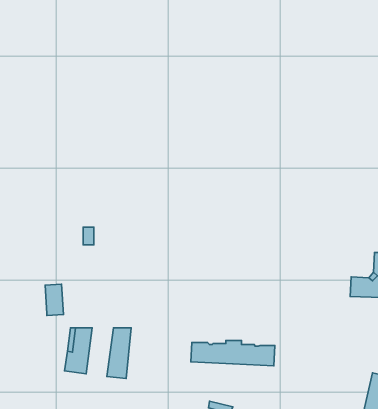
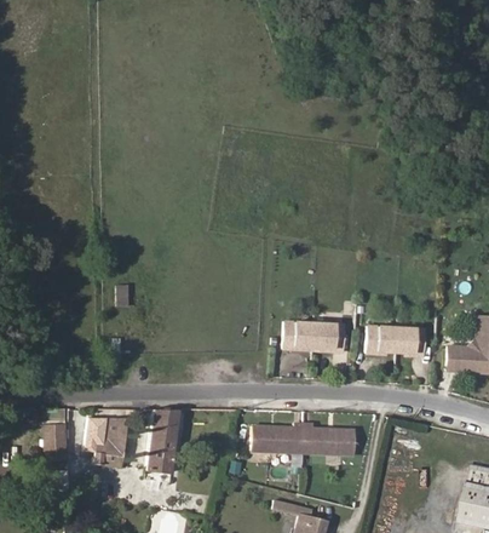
building: none -> [283,321,345,350]
building: none -> [367,326,425,355]
building: [45,284,64,315] -> [45,419,68,458]

